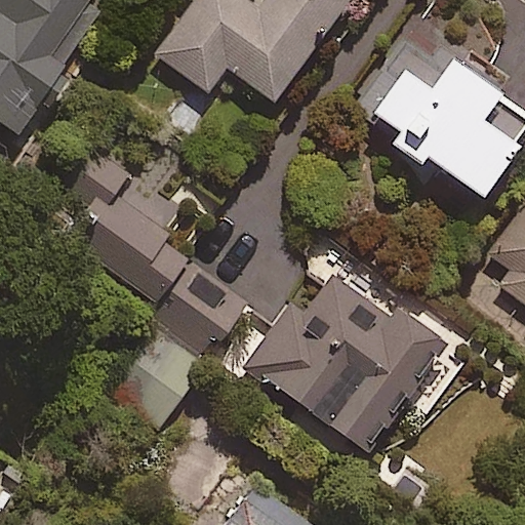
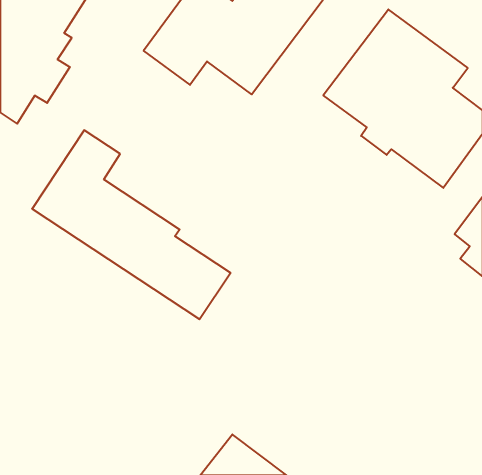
building: [241,269,442,454] -> none

